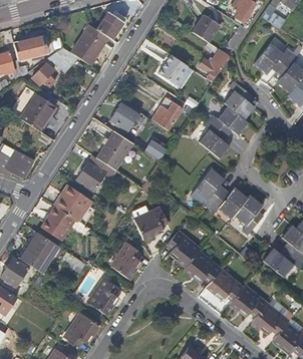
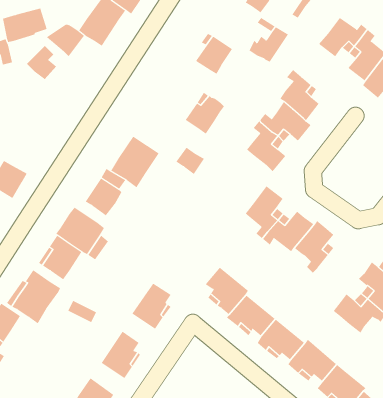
building: [20,93,56,130] -> none
building: [110,103,138,132] -> none
building: [135,207,168,239] -> none

